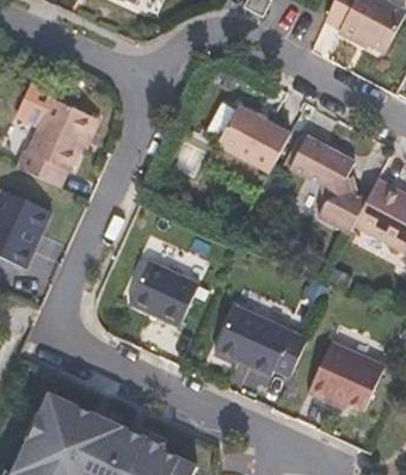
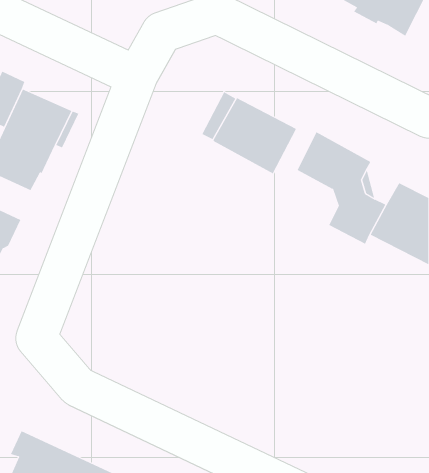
building: [129,259,198,326] -> none
building: [214,304,307,376] -> none
building: [307,340,385,409] -> none

